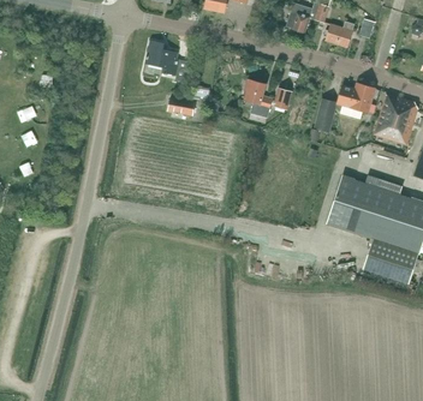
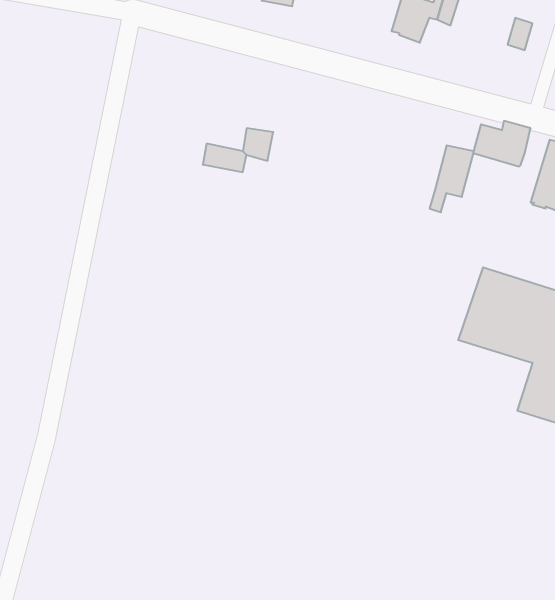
building: [323,22,353,49] -> none
building: [144,42,179,76] -> none
building: [243,80,291,119] -> none

